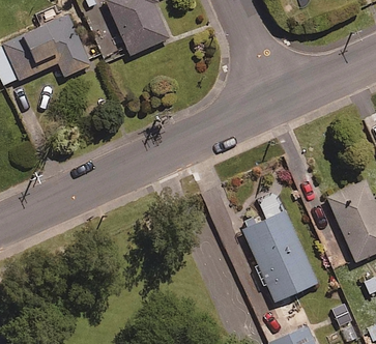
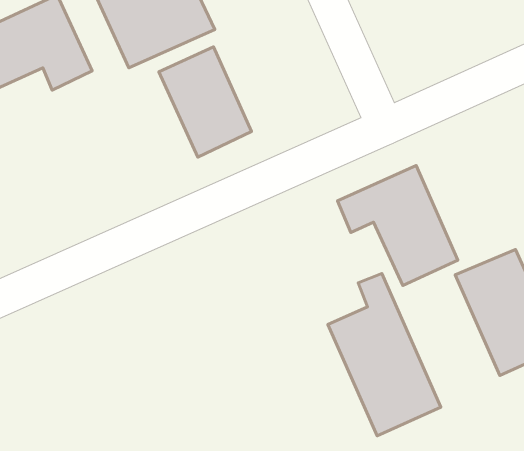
building: none -> [159,47,251,157]
building: none -> [337,165,458,286]

